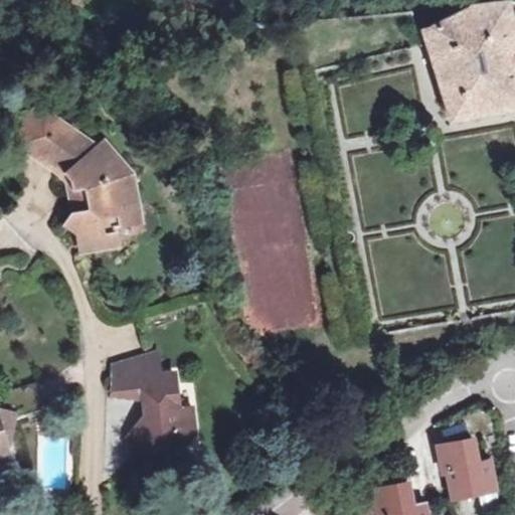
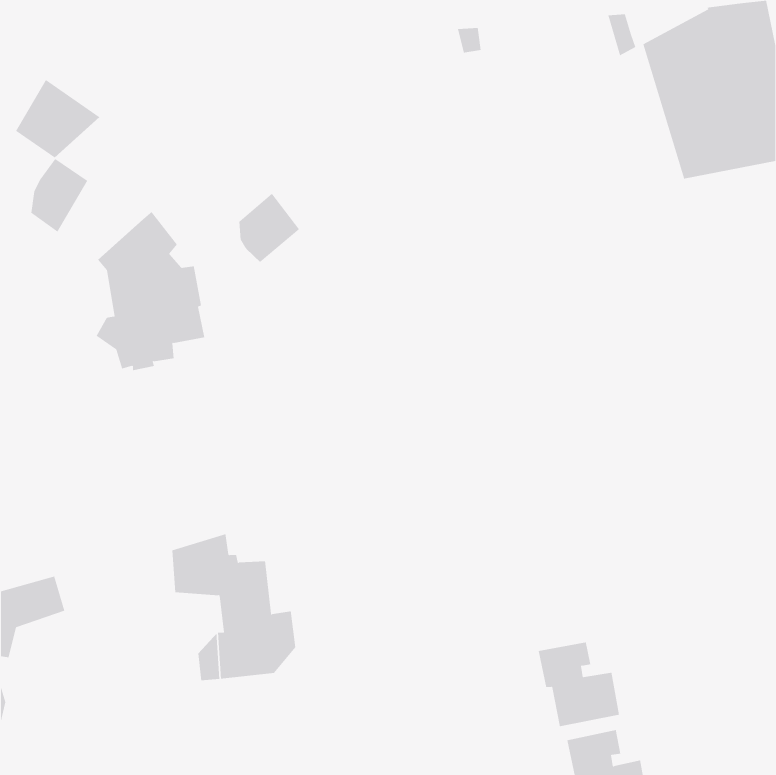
building: [38,121,95,173] -> [15,79,100,158]
building: none -> [239,193,300,263]
building: [440,441,494,497] -> [538,642,620,727]

